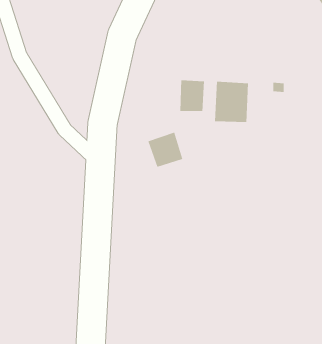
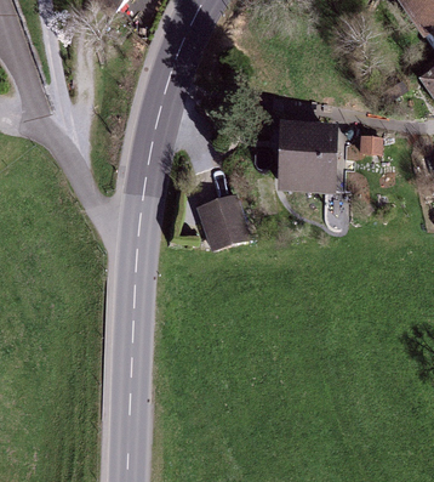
building: [180,80,205,112] -> none

